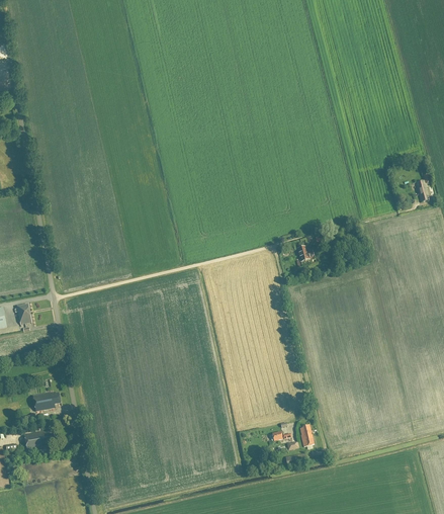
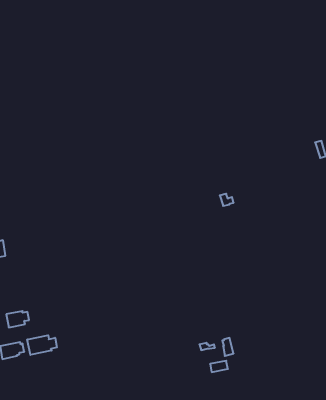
building: none -> [27,335,57,355]

